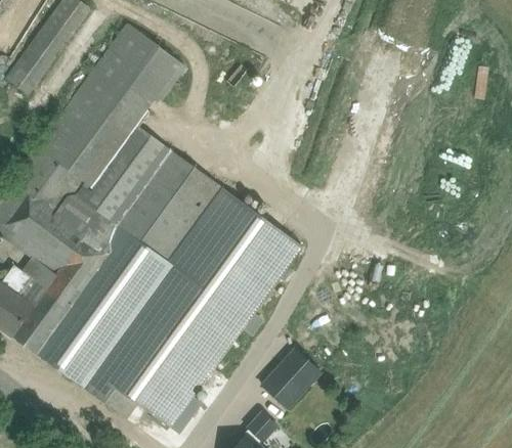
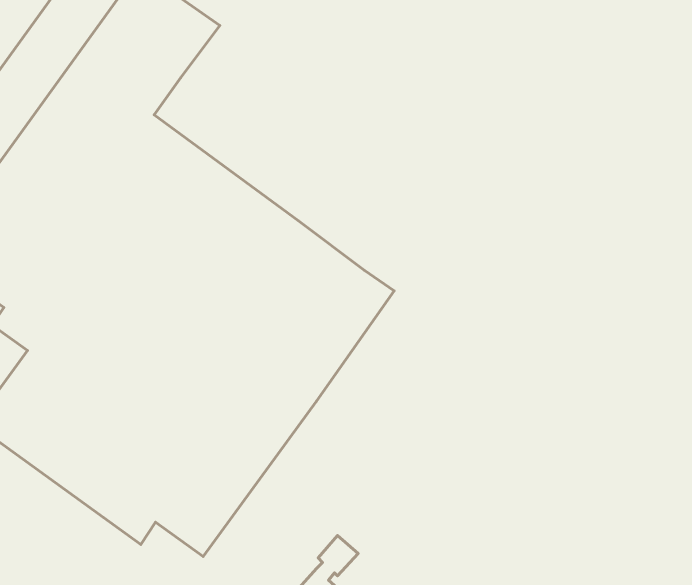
building: [260,348,323,411] -> none

